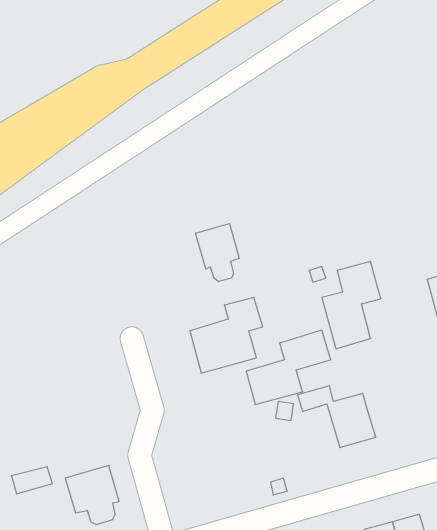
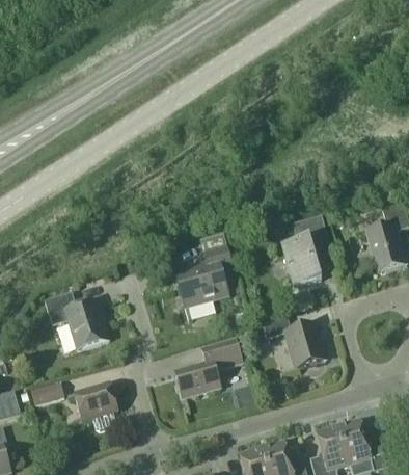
building: [196,224,239,282] -> none
building: [246,330,331,405] -> [174,339,243,399]
building: none -> [44,293,108,350]

